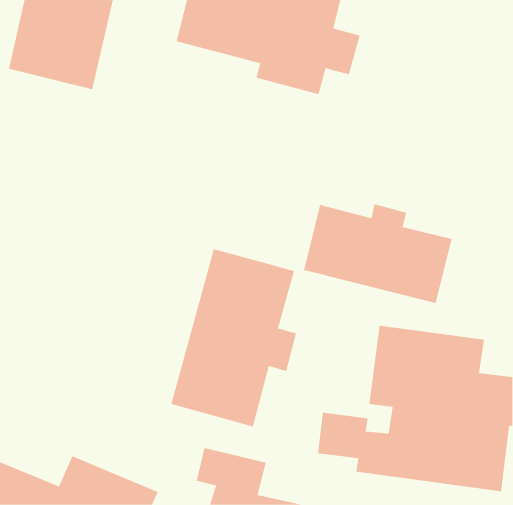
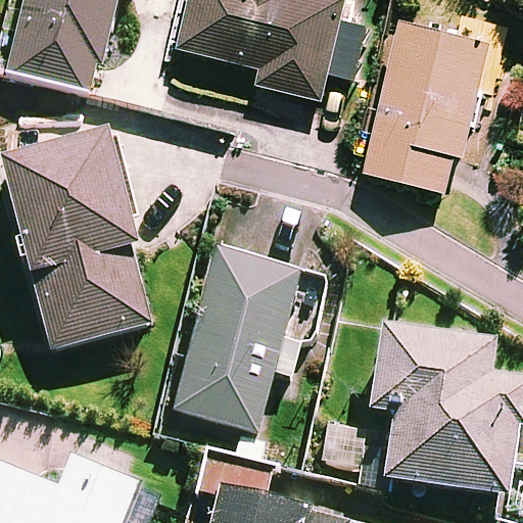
building: none -> [363,16,492,188]
building: none -> [4,138,149,348]
building: [304,204,452,304] -> none

